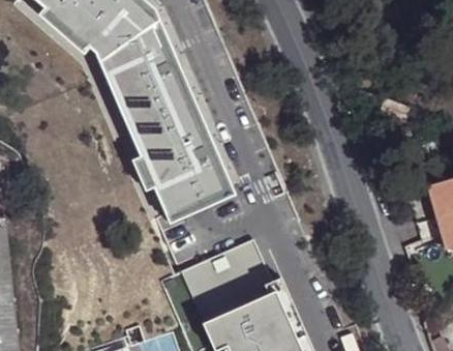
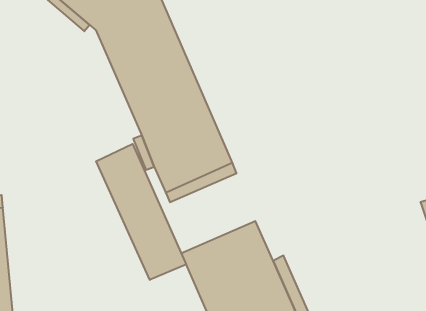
building: none -> [96,144,186,280]

